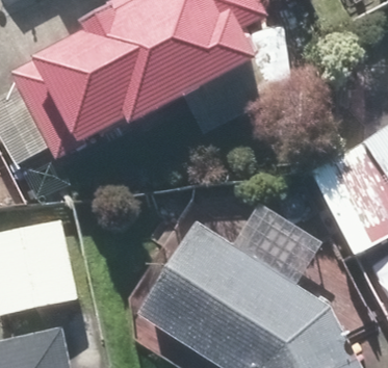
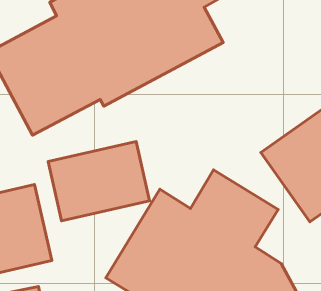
building: none -> [48,141,149,221]

